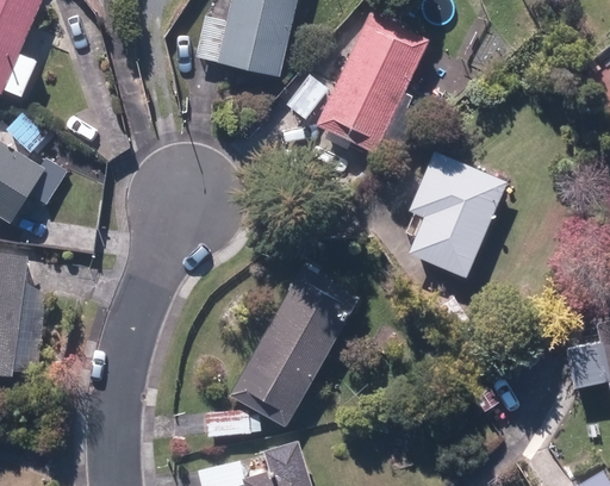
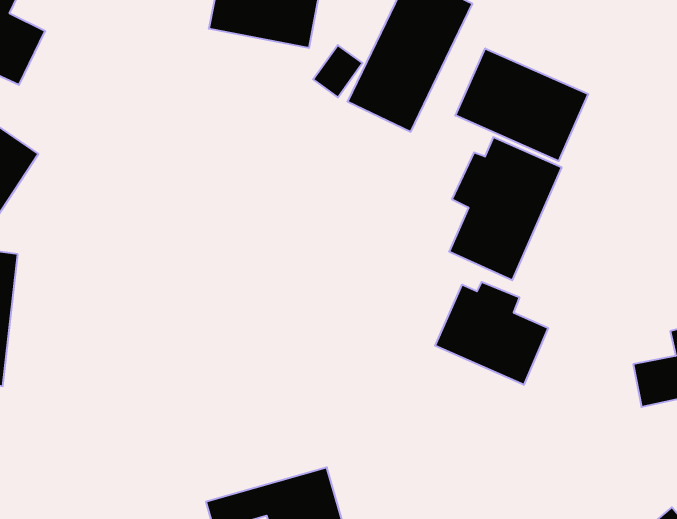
building: none -> [455,48,588,161]
building: [229,262,366,430] -> none
building: none -> [435,282,548,385]

